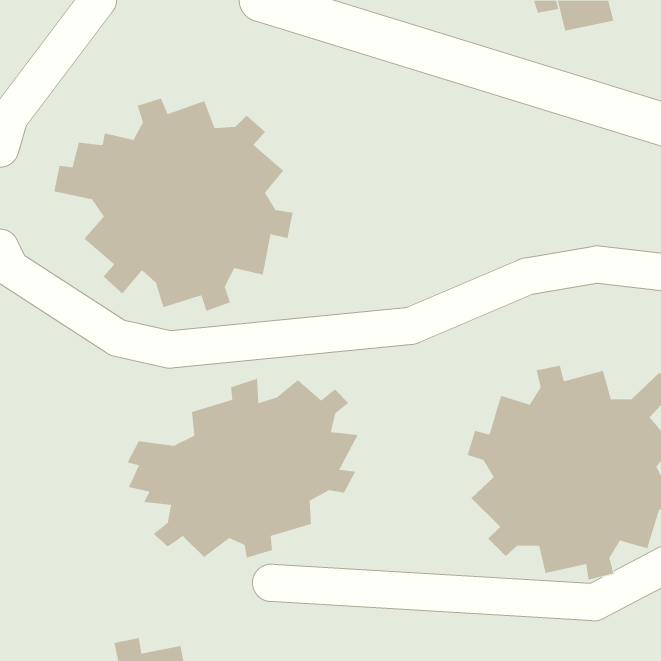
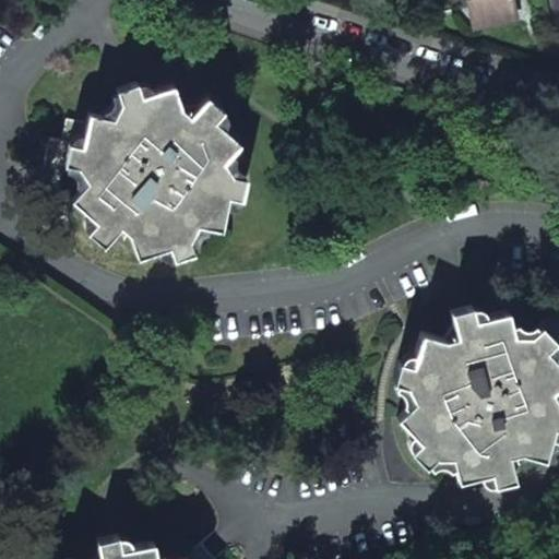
building: [127,378,359,558] -> none

